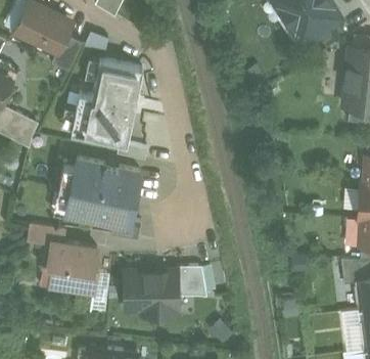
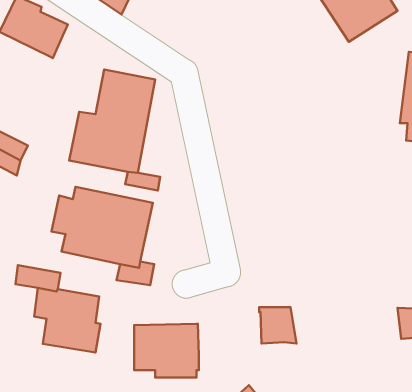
building: [51,35,83,72] -> none
building: [176,267,206,297] -> [259,307,297,344]

